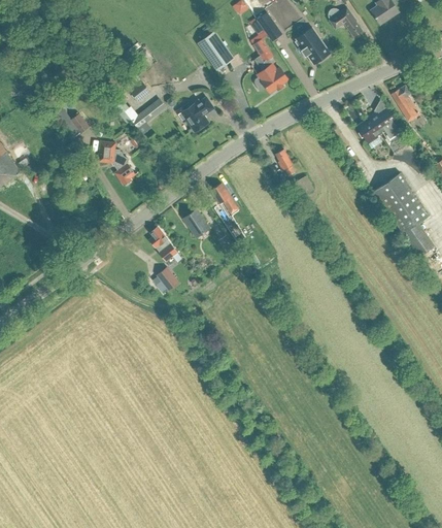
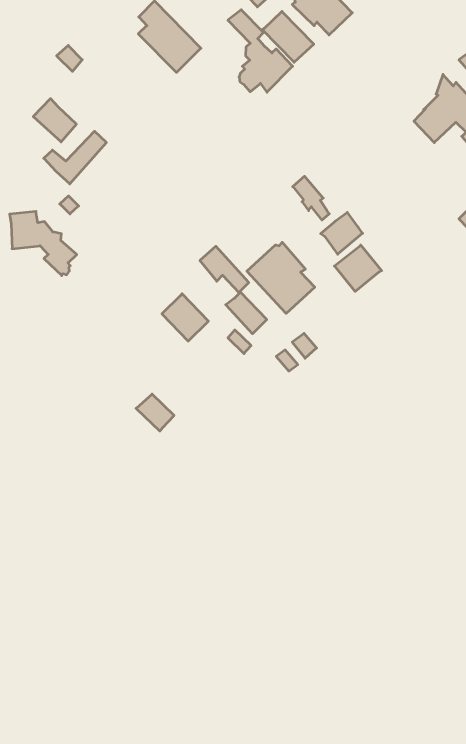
building: none -> [262,11,314,62]
building: [176,97,214,131] -> none
building: none -> [247,242,315,313]
building: none -> [334,245,382,291]
building: [149,226,177,265] -> none

